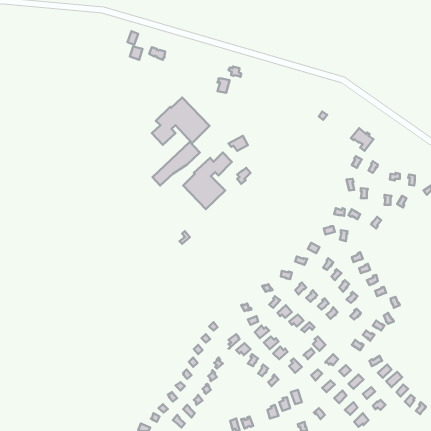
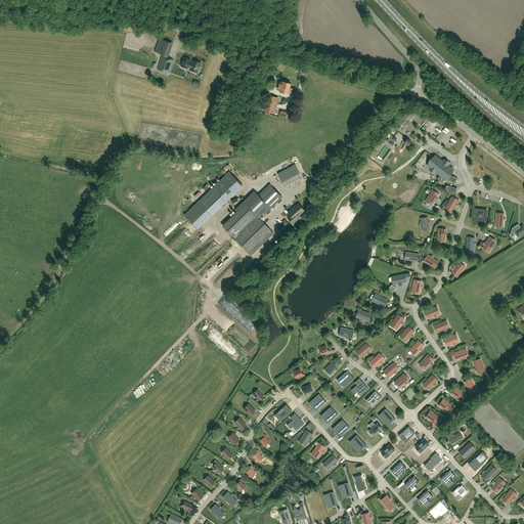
building: [152,98,210,145] -> none

